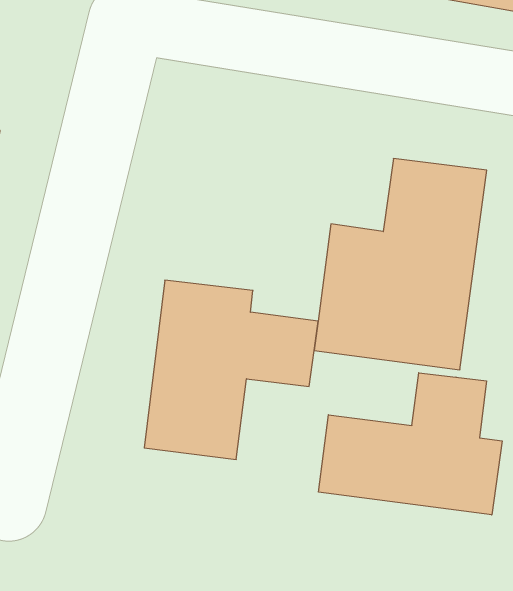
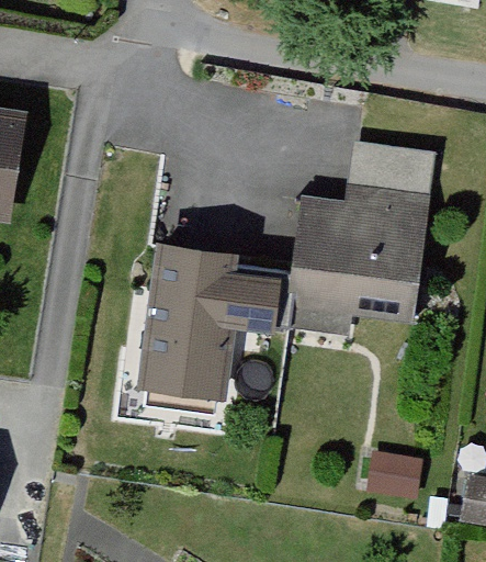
building: [319,373,502,515] -> none

